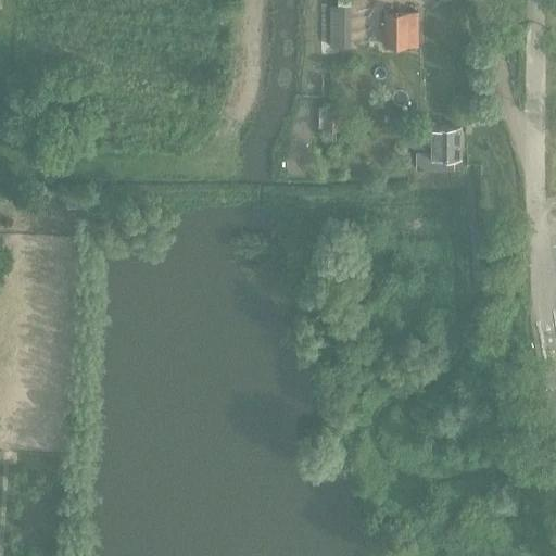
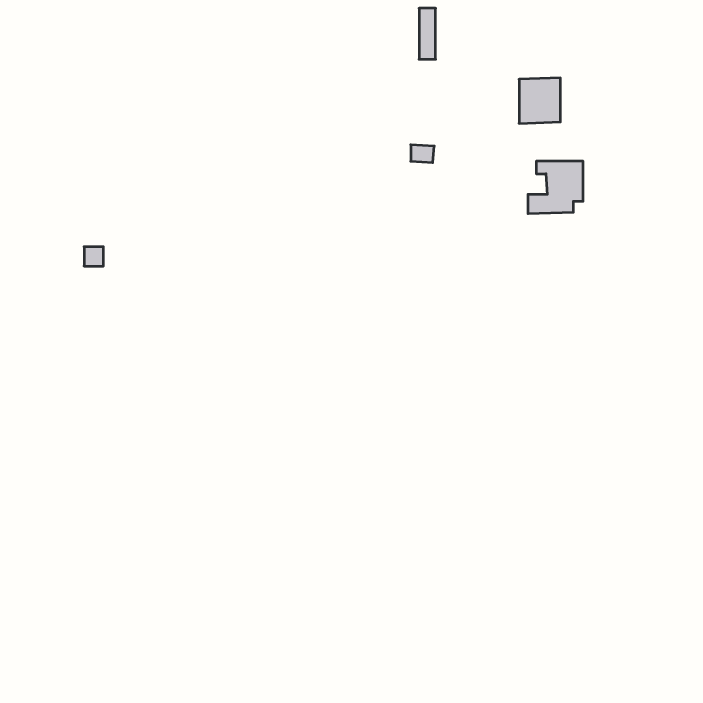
building: [384,13,417,49] -> [519,78,560,123]

